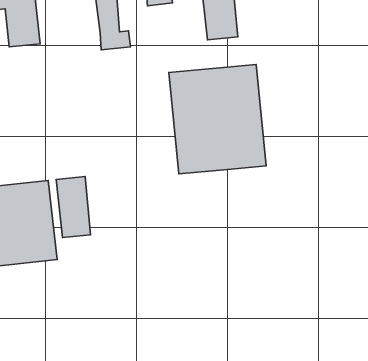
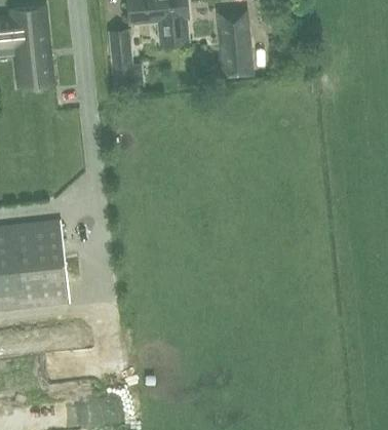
building: [169,65,266,174] -> none
building: [56,176,91,238] -> none

